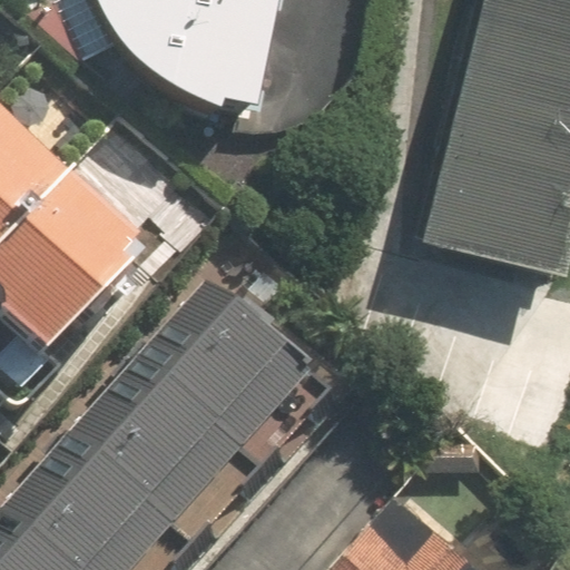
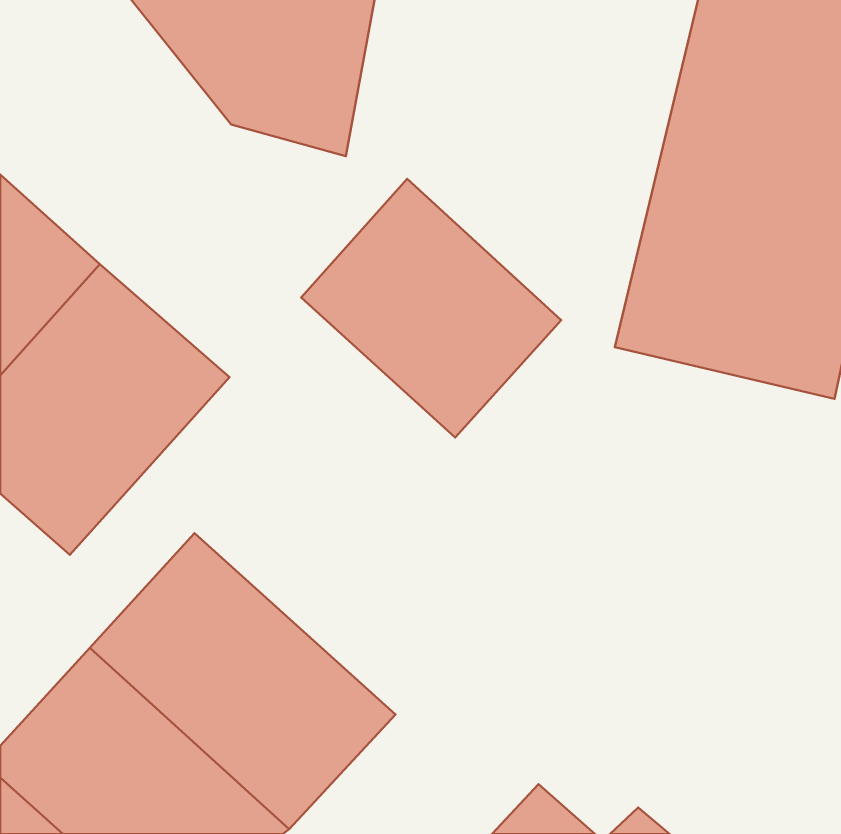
building: none -> [301,179,561,437]
building: [136,281,341,479] -> none

